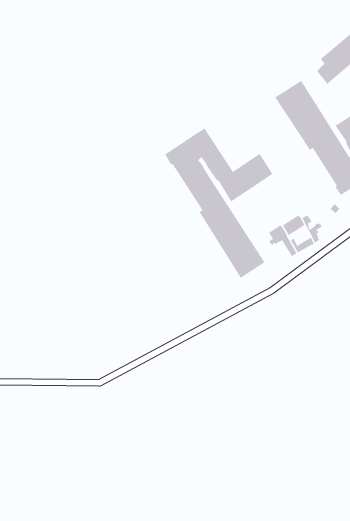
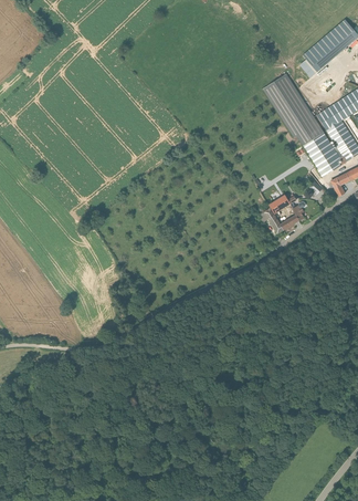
building: [164,127,273,279] -> none

